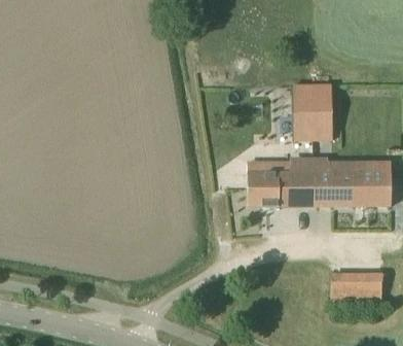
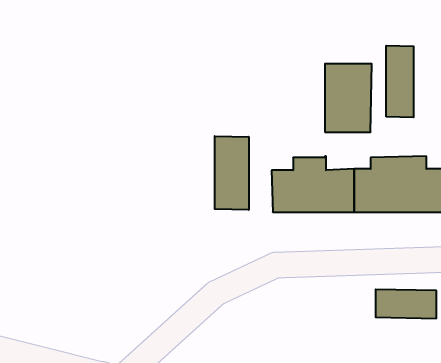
building: none -> [386,46,414,117]
building: none -> [215,136,249,210]

